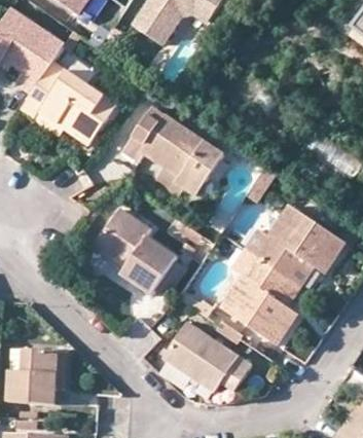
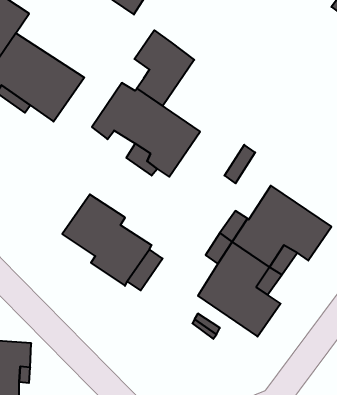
building: none -> [134,30,194,106]
building: [162,325,251,394] -> none

